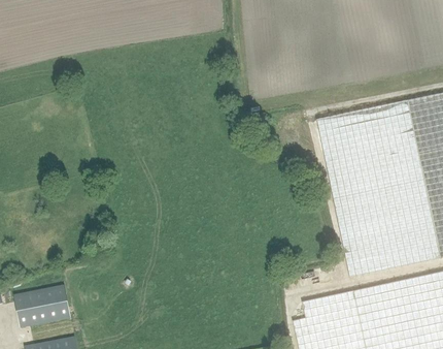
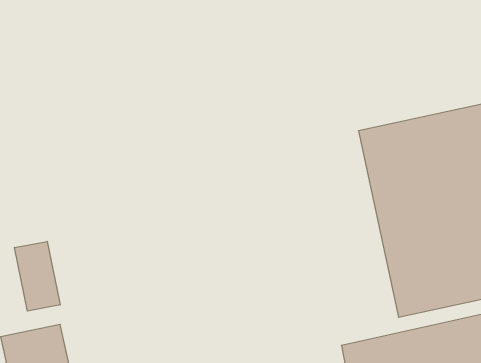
building: none -> [15,241,60,311]

